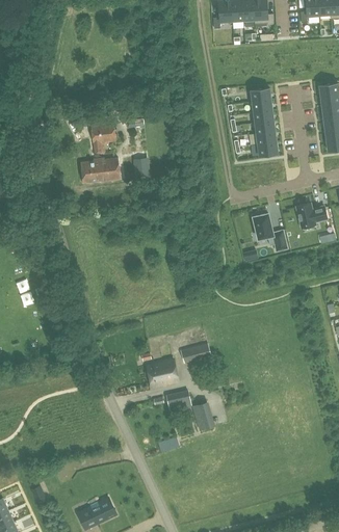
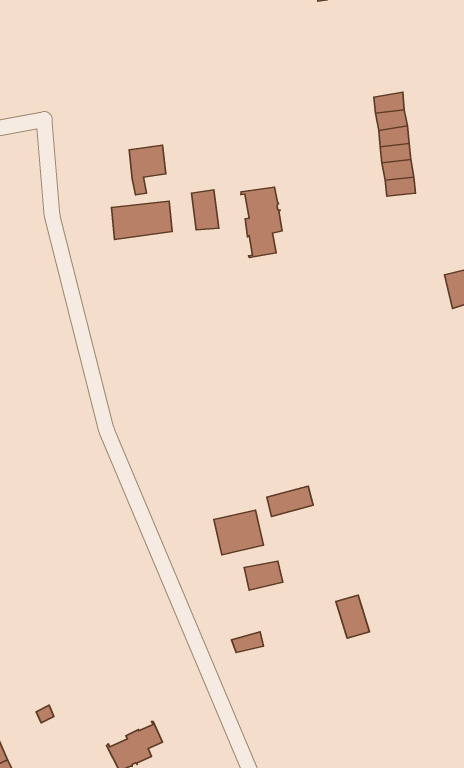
building: none -> [241,187,282,257]
building: [253,213,287,250] -> none
building: [192,402,214,430] -> [336,595,370,638]

